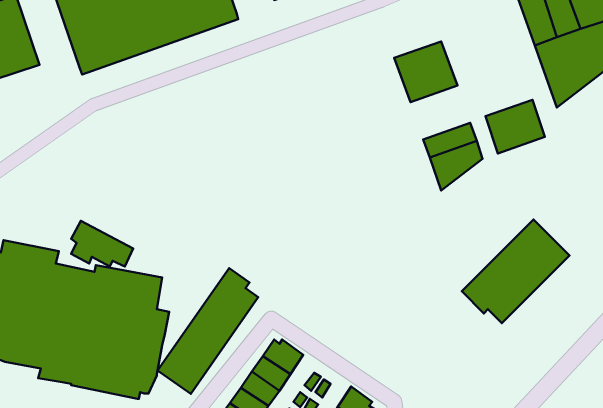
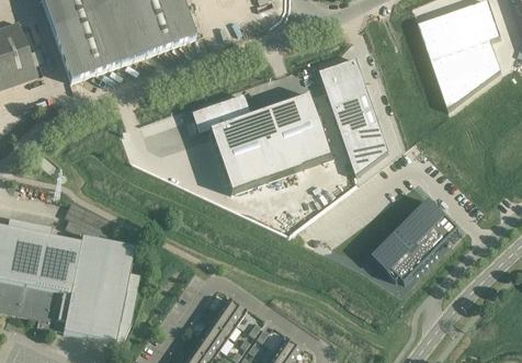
building: none -> [190,93,333,192]
building: [486,100,545,154] -> [331,92,378,135]
building: [157,268,258,394] -> none

